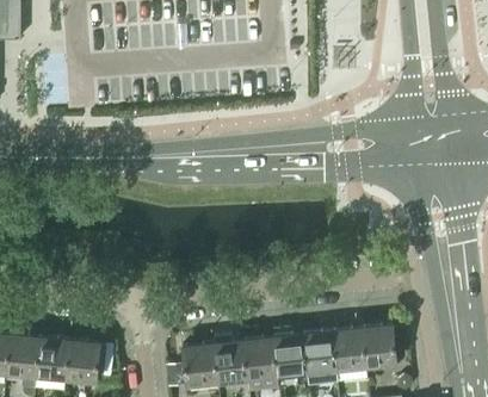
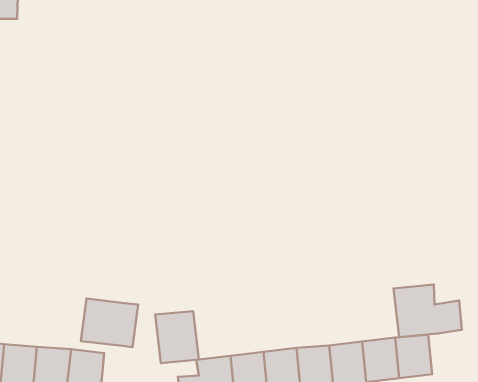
building: none -> [394,285,462,337]
building: none -> [81,298,138,347]
building: none -> [155,311,199,363]

